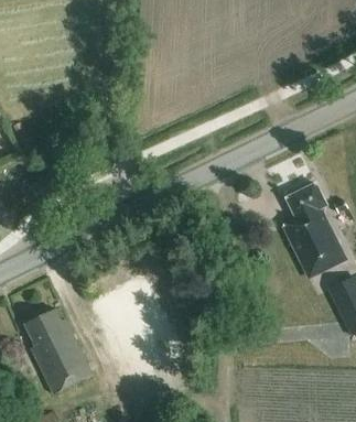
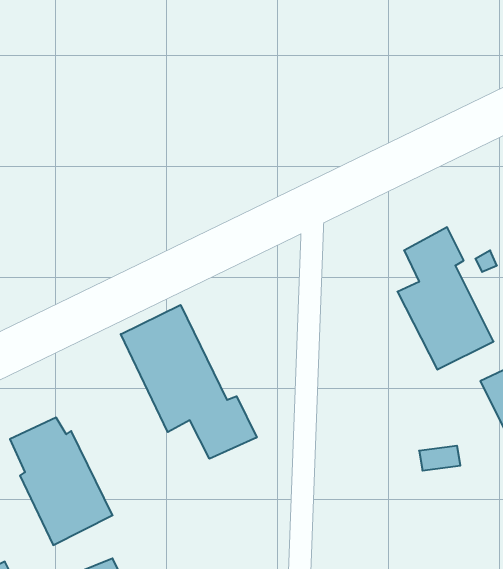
building: none -> [121,305,257,459]

